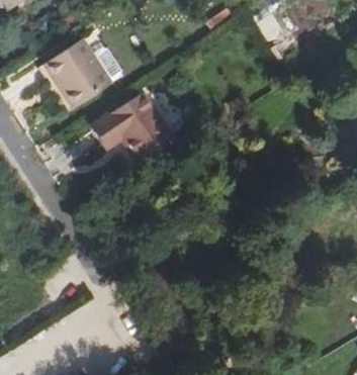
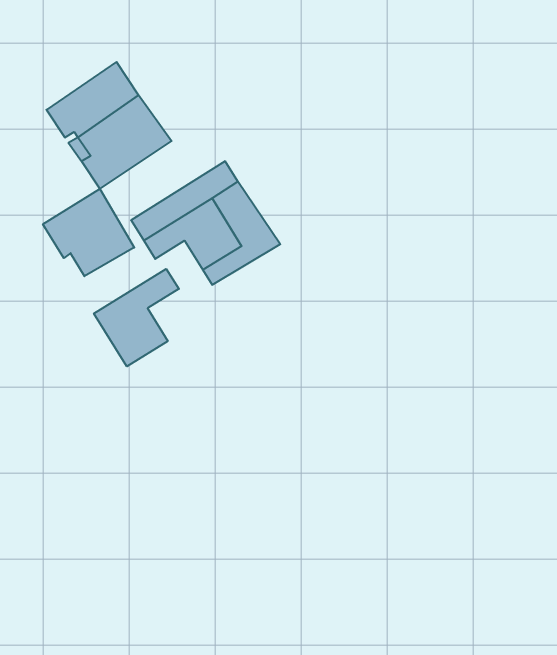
building: none -> [43,189,134,276]
building: none -> [94,269,179,366]

